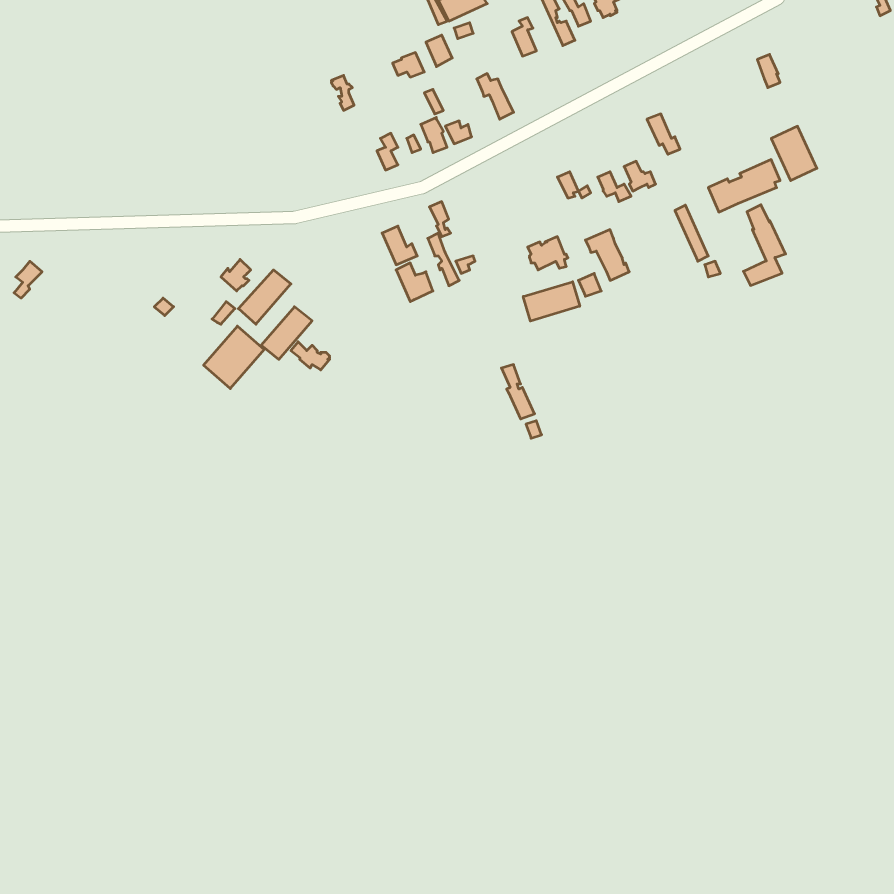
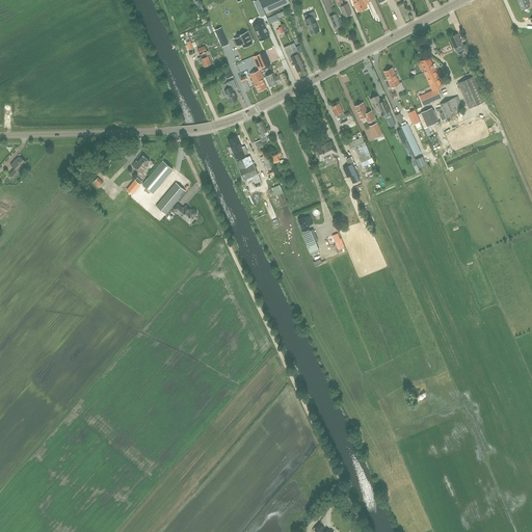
building: [743,205,786,285] -> [418,56,443,104]
building: [523,282,580,321] -> none
building: [204,326,264,389] -> none

